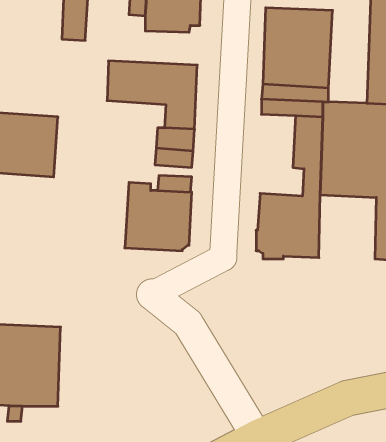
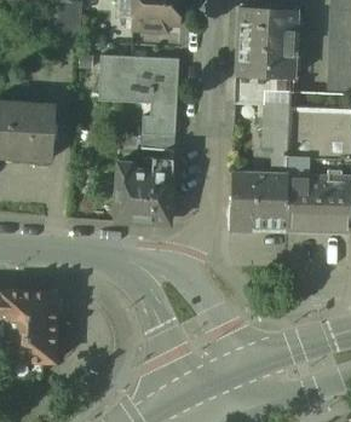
building: none -> [287,174,338,231]

